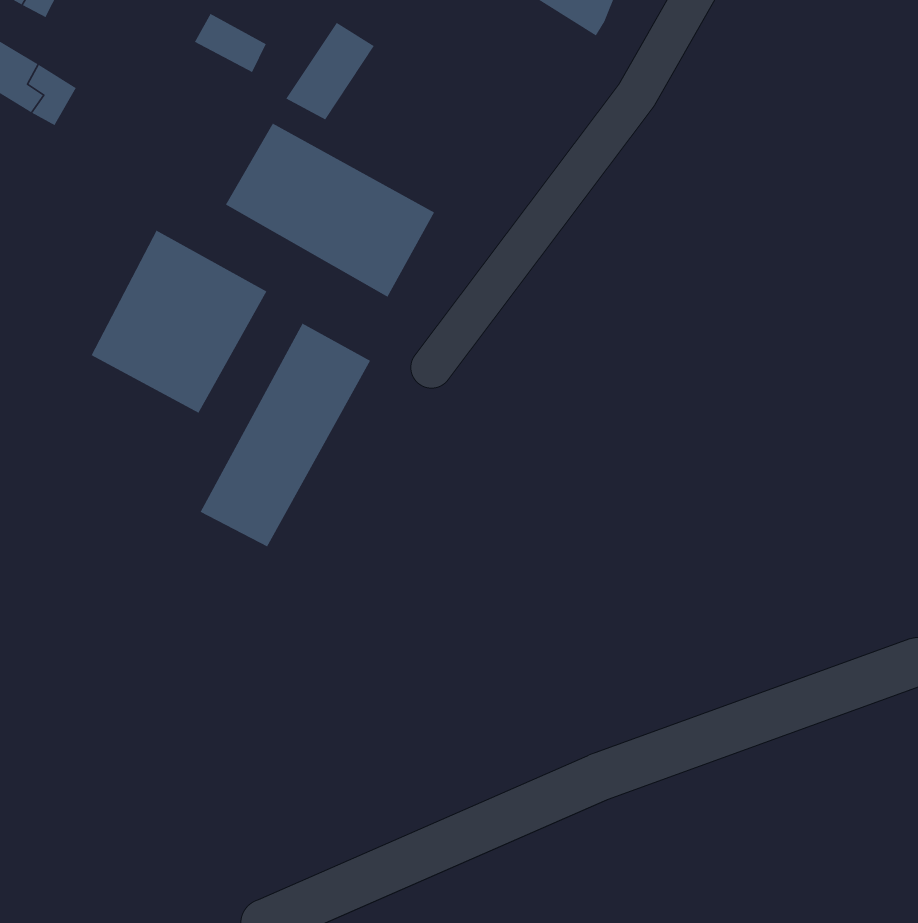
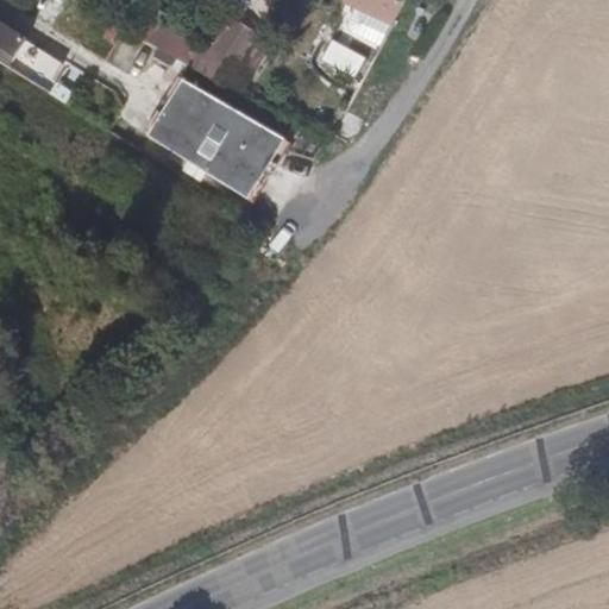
building: [91,230,267,414] -> none
building: [200,322,371,548] -> none

